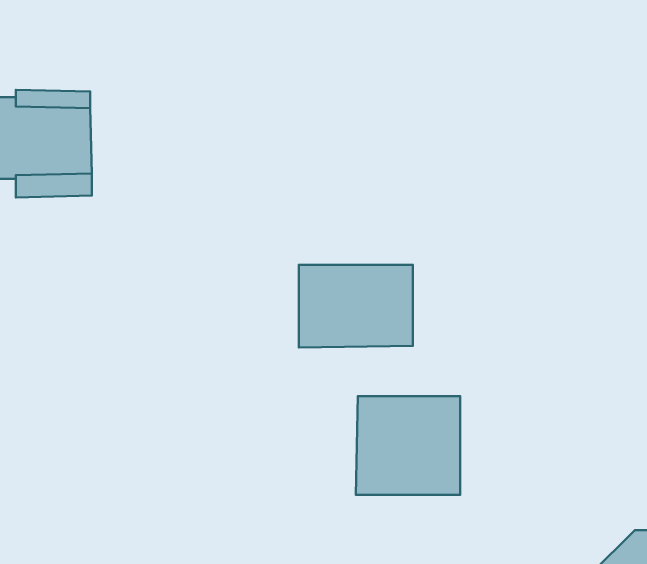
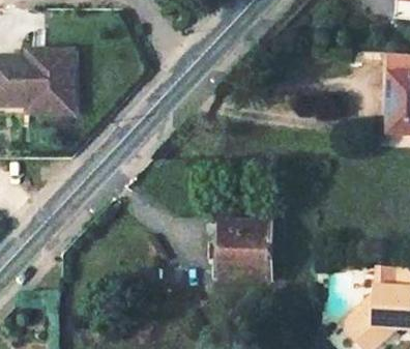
building: [299,265,413,347] -> none

